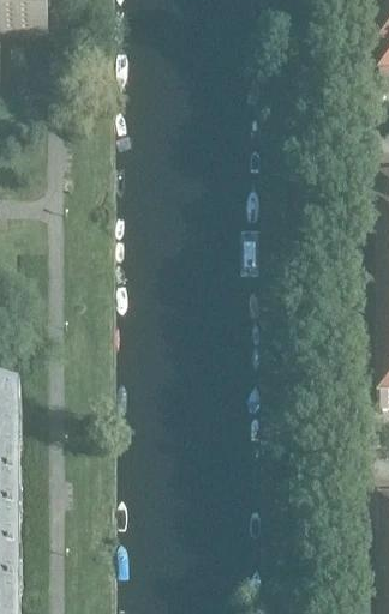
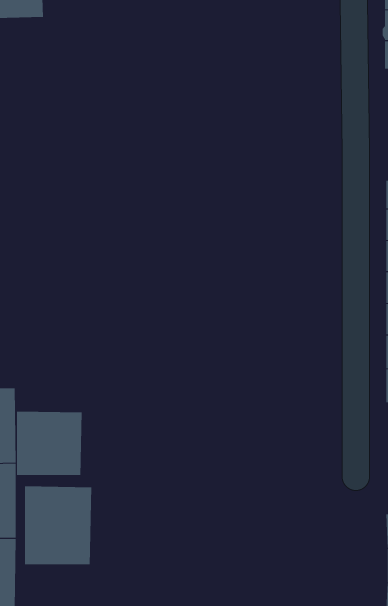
building: none -> [17,411,82,476]
building: none -> [25,486,92,565]

